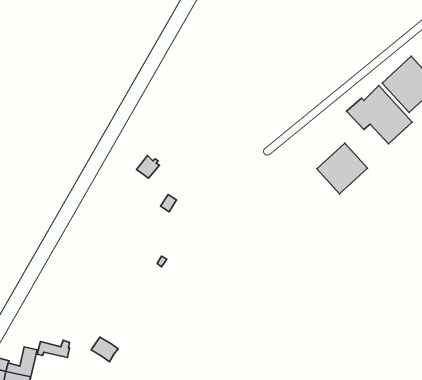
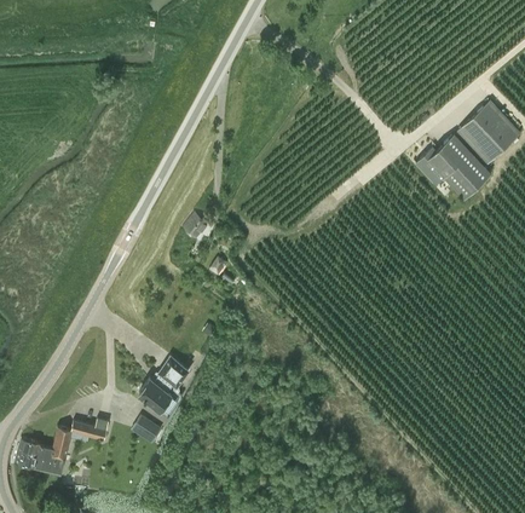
building: [317,143,368,194] -> none
building: none -> [138,357,188,409]

